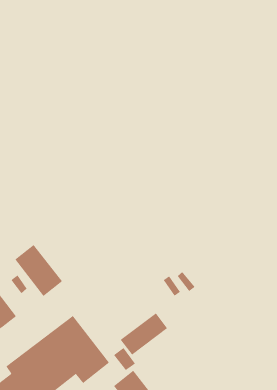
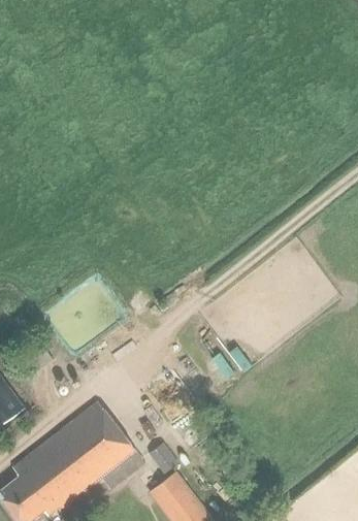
building: [14,244,63,297] -> none
building: [120,313,168,355] -> none

